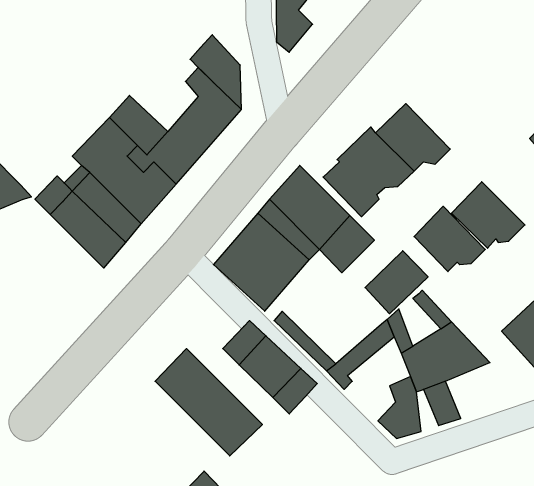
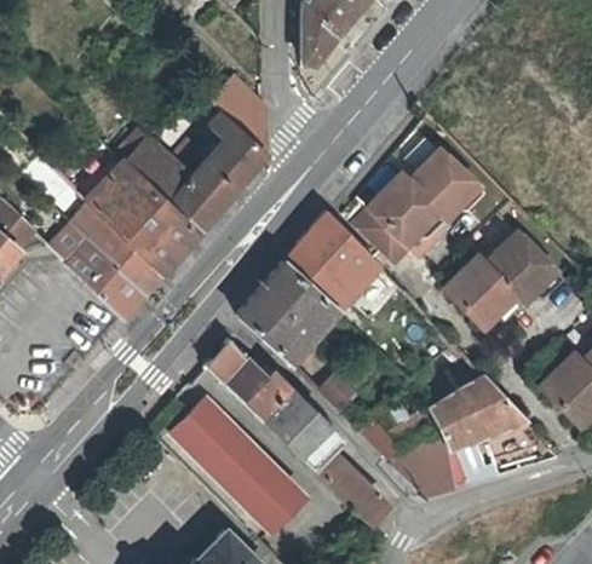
building: [365,251,428,314] -> none
building: none -> [212,340,270,402]
building: none -> [317,451,389,523]
building: none -> [255,480,309,533]

